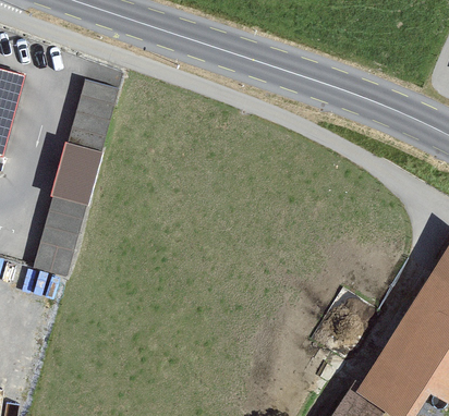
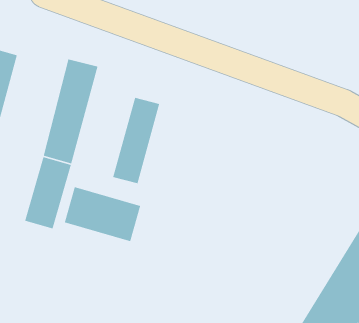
building: none -> [112,97,160,184]
building: none -> [64,186,141,242]

